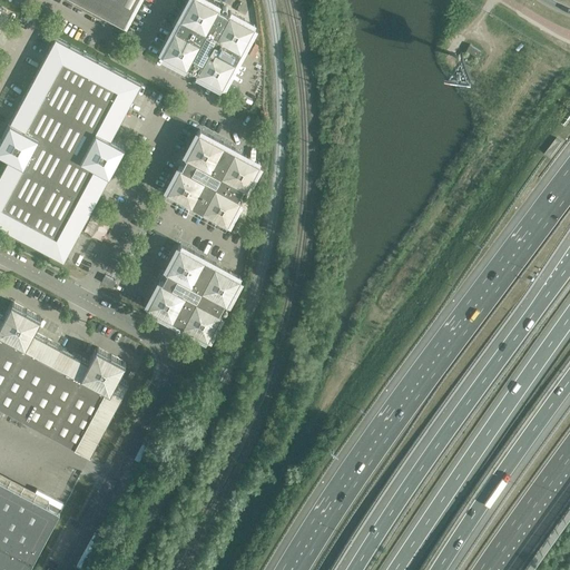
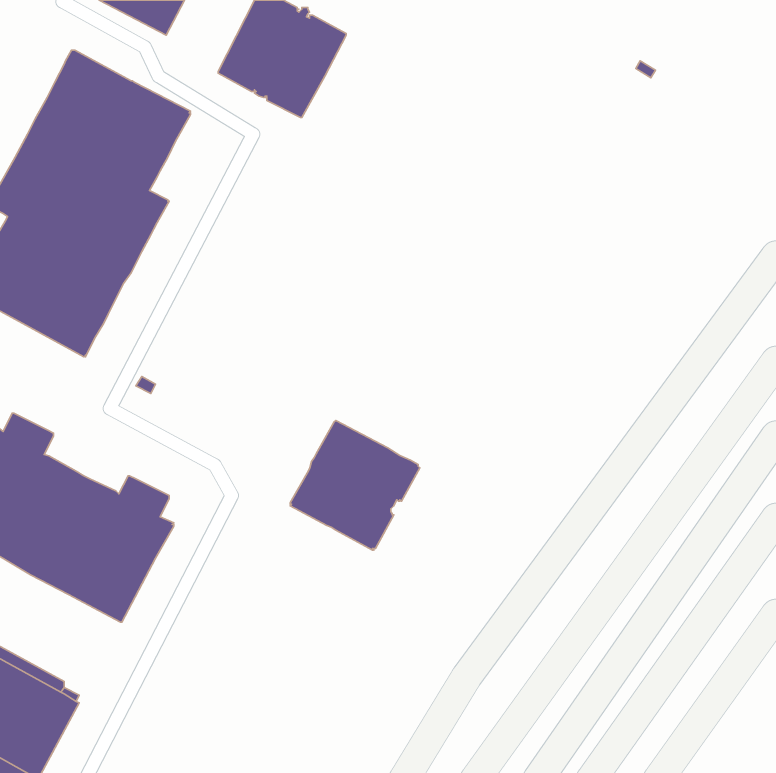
building: [164,134,258,228] -> none
building: [145,248,239,343] -> [290,420,420,550]

